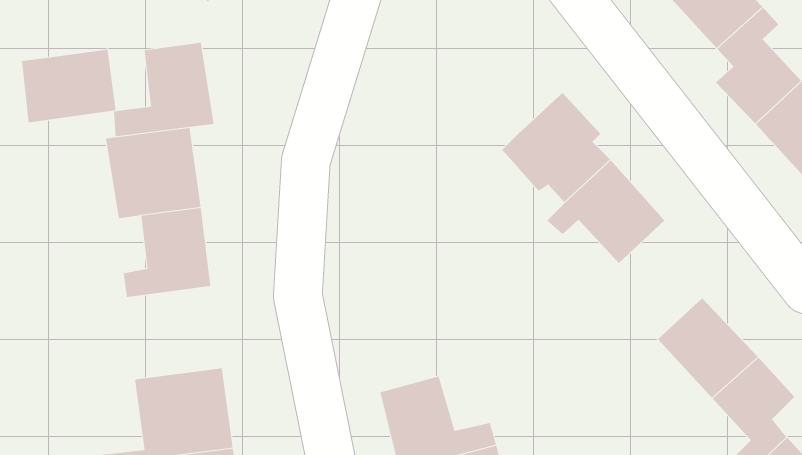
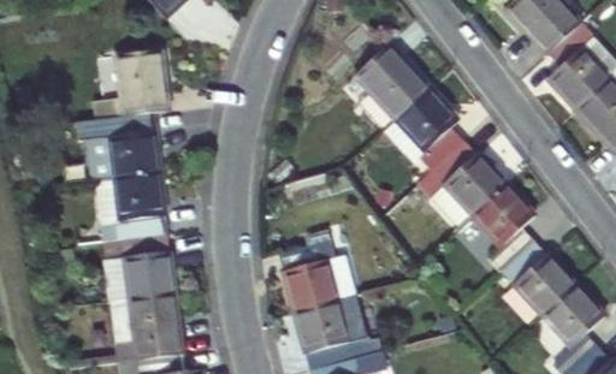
building: none -> [355,43,430,118]
building: [21,49,116,123] -> none
building: none -> [472,183,535,272]
building: none -> [102,232,174,302]
building: none -> [276,238,355,311]

